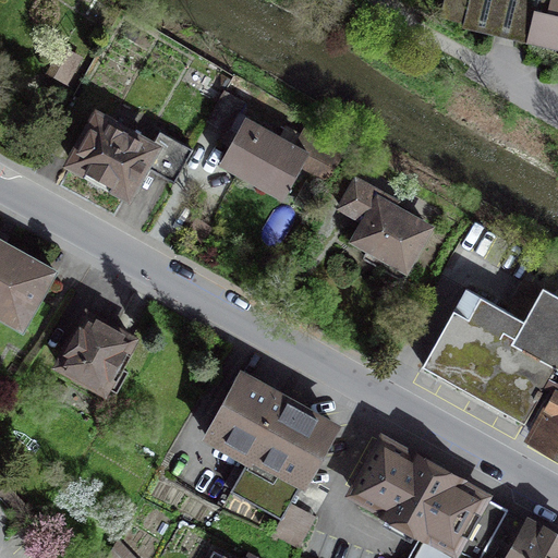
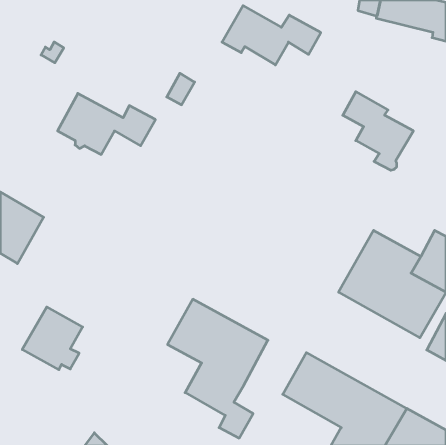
building: [220,119,343,193] -> [222,6,321,65]
building: [340,180,428,278] -> [343,92,413,170]
building: [57,315,132,393] -> [22,307,83,370]

